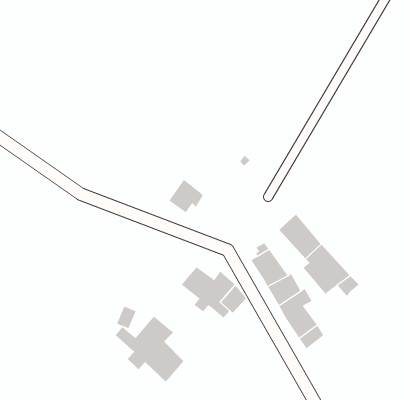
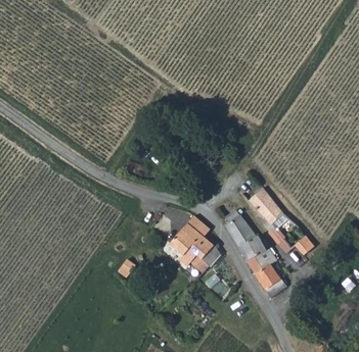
building: [168,179,204,213] -> [181,212,210,240]
building: [115,316,184,382] -> none

